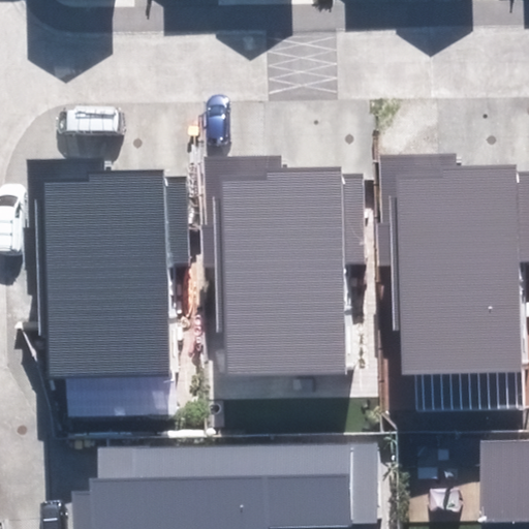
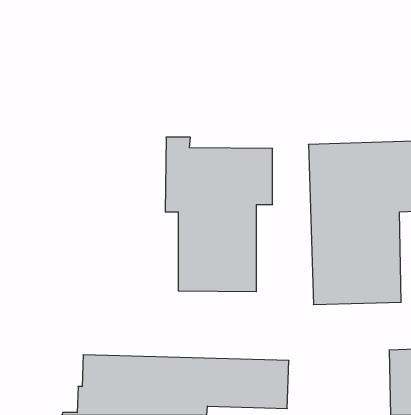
building: [46,173,183,369] -> none

